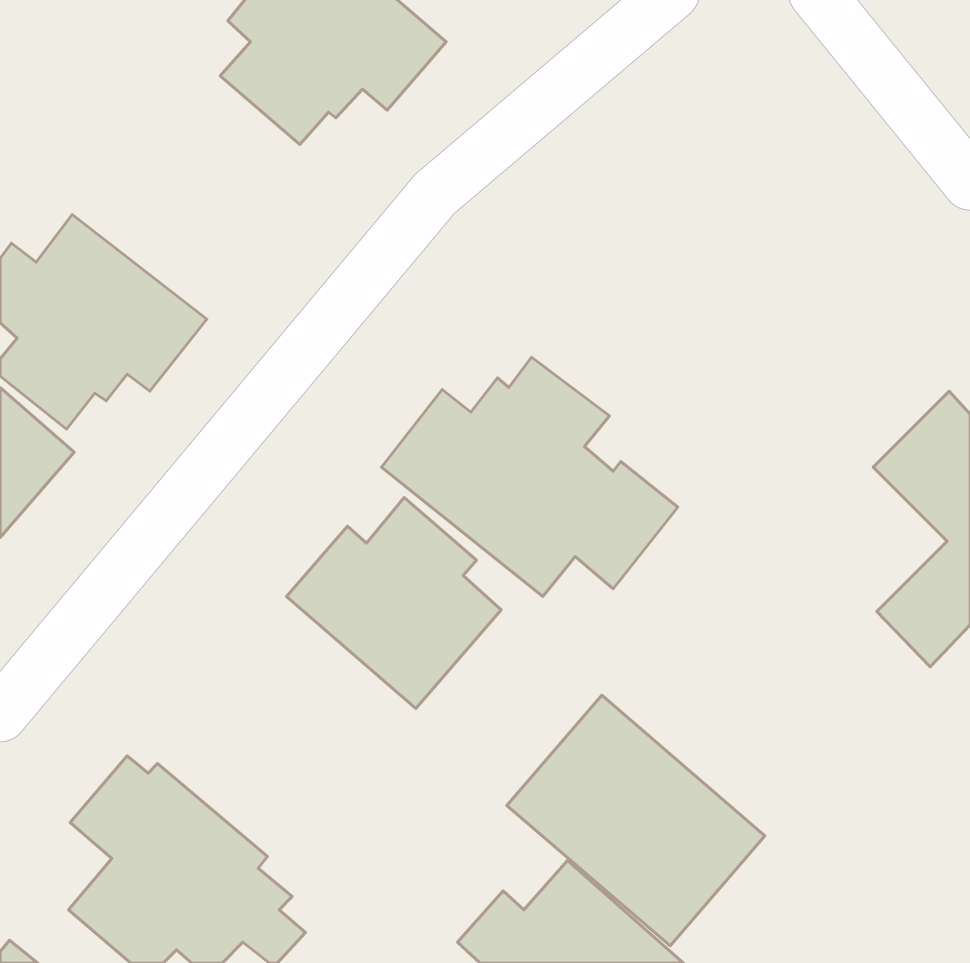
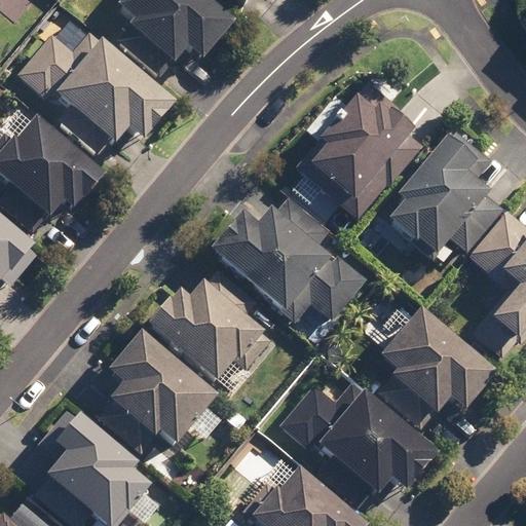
building: none -> [22,31,182,154]
building: none -> [300,78,423,220]
building: none -> [376,149,496,271]
building: none -> [353,318,469,434]
building: none -> [89,351,200,461]

